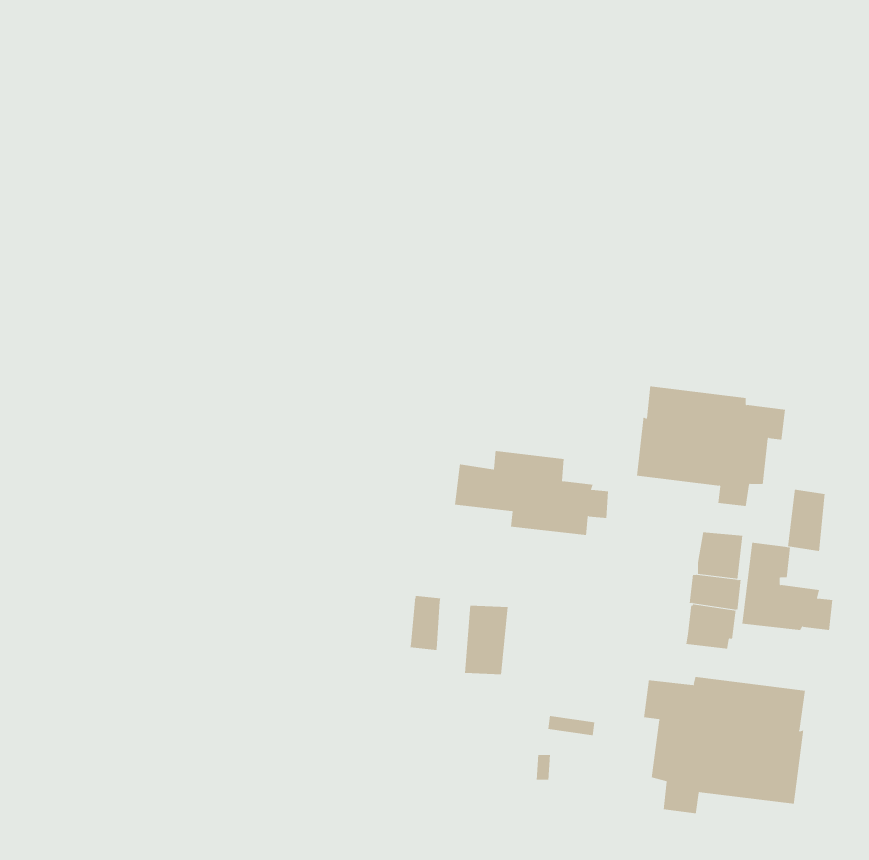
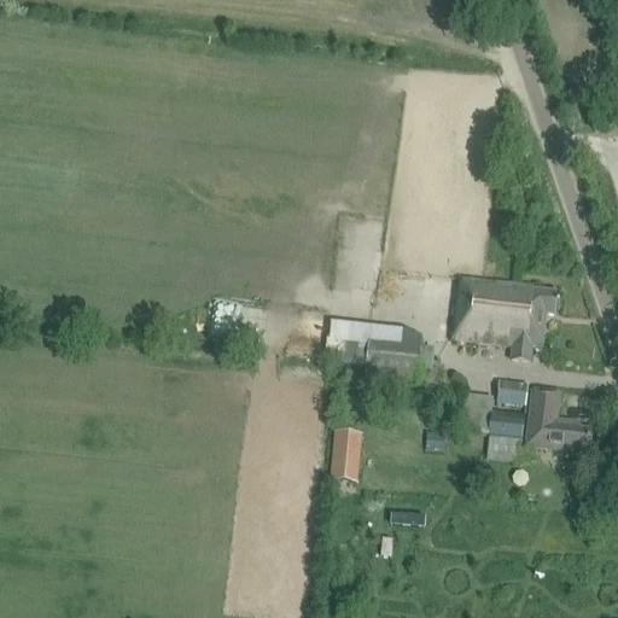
building: [787,489,825,552] -> none
building: [410,595,441,651] -> none
building: [643,676,805,814] -> none

